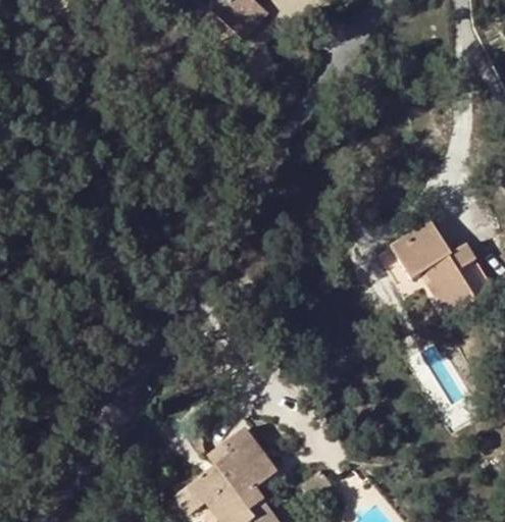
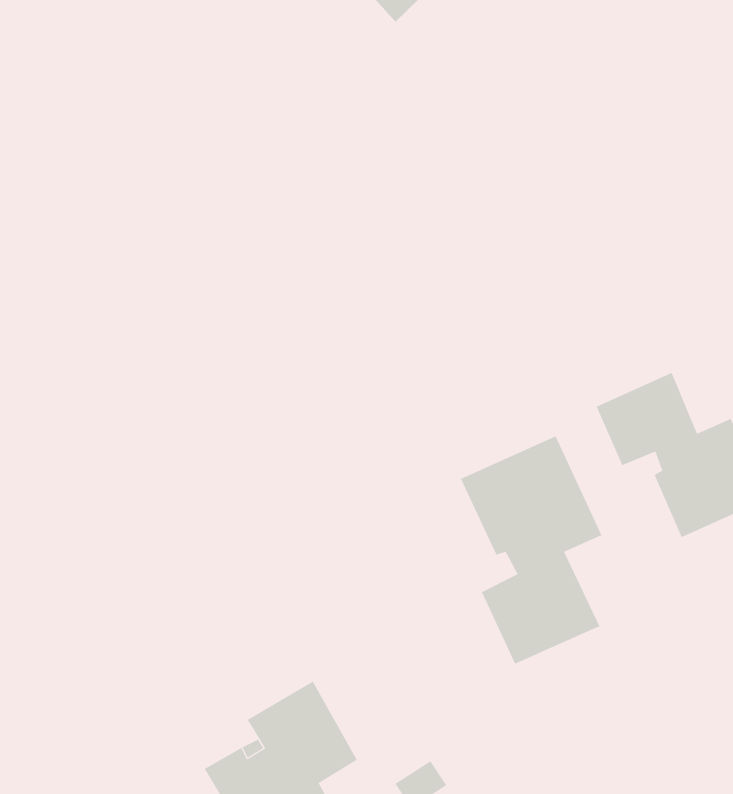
building: none -> [460,435,602,665]

